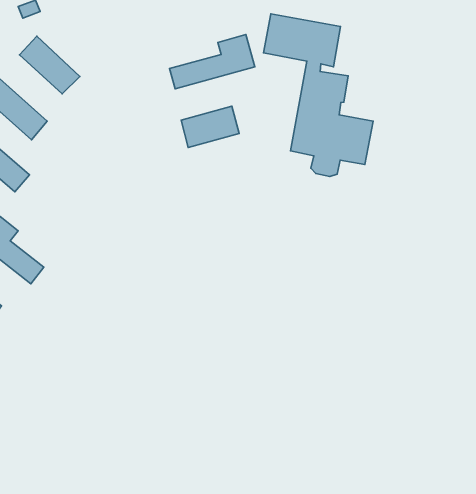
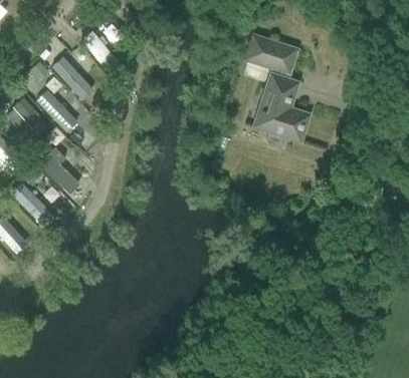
building: [170,35,255,89] -> none
building: [181,106,239,148] -> none

